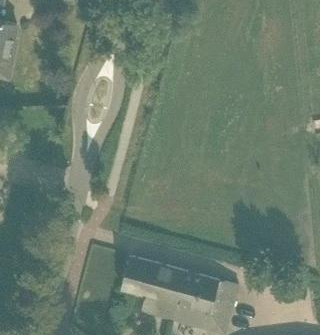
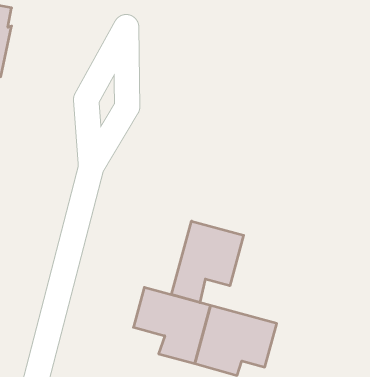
building: none -> [171,221,244,303]

